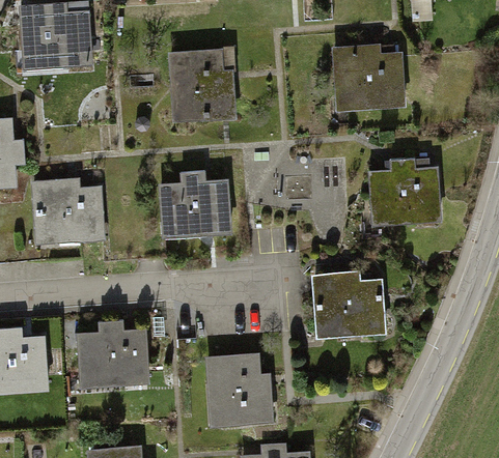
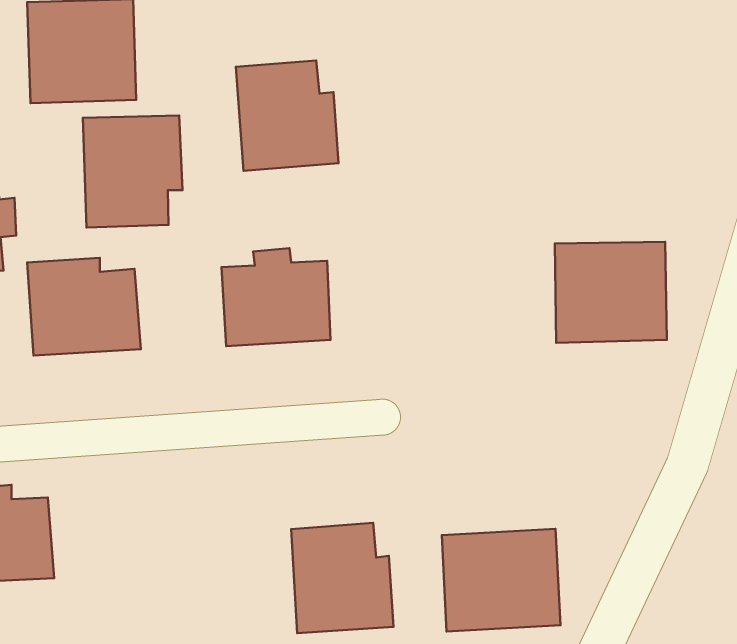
building: [345,53,424,113] -> none
building: none -> [83,115,182,227]
building: [317,276,395,343] -> [442,529,560,631]
building: [73,319,146,384] -> none

